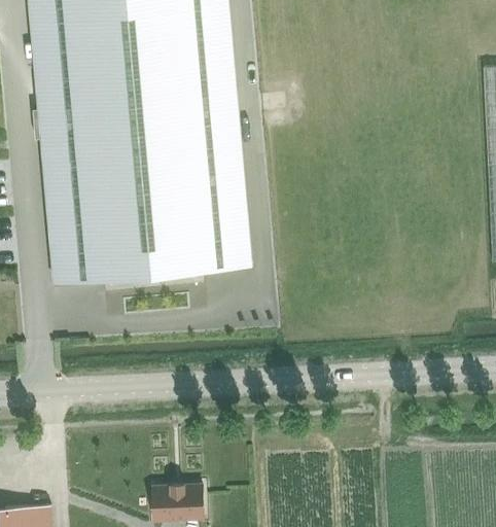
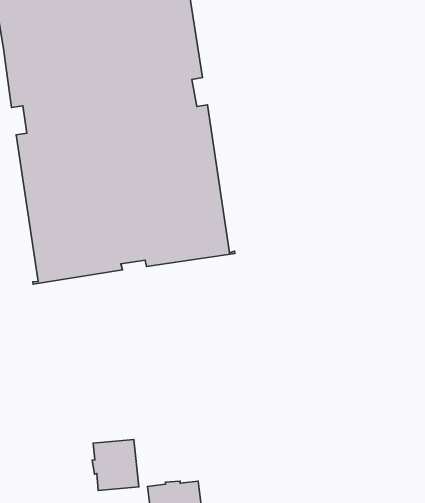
building: none -> [92,440,139,490]

